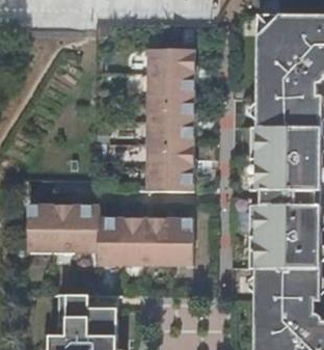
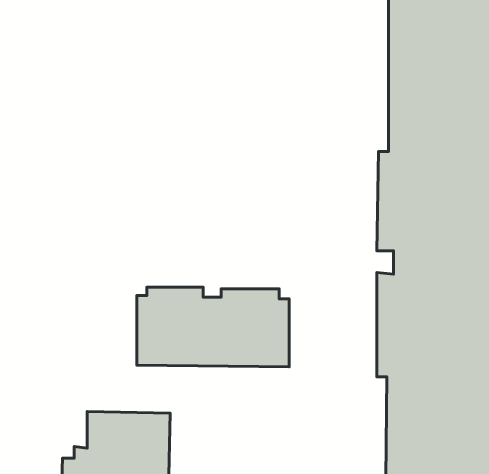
building: [145,46,196,189] -> none
building: [28,200,98,250] -> none

